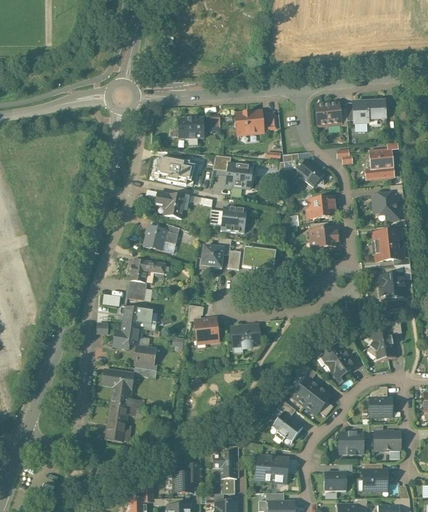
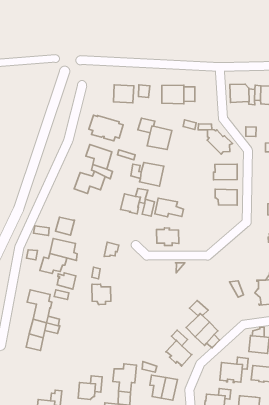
building: [130,259,165,282] -> none
building: [194,318,218,342] -> [92,284,111,304]
building: [231,325,259,346] -> [157,228,179,246]
building: [321,344,354,378] -> none

